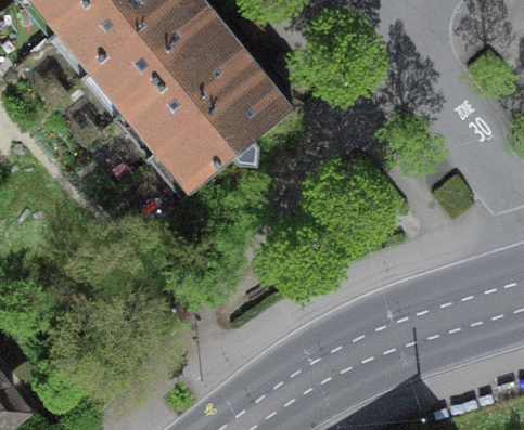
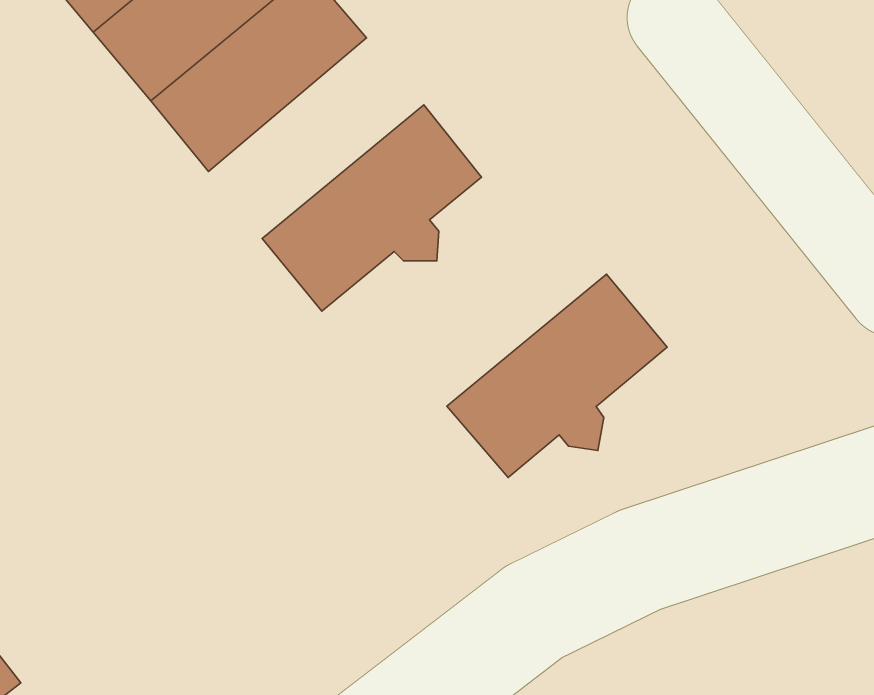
building: [124,35,250,152] -> none
building: none -> [447,274,667,478]

